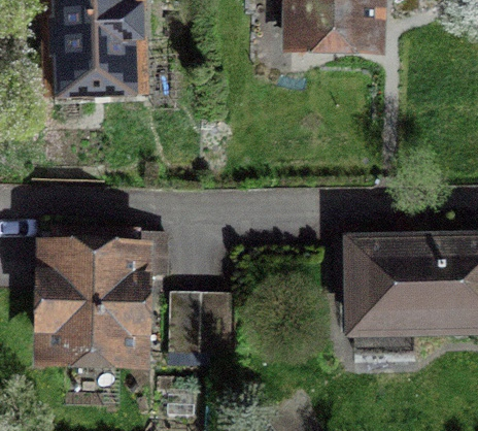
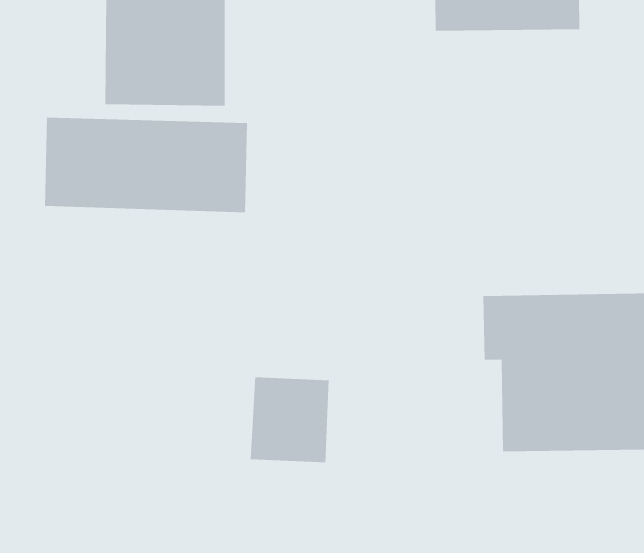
building: none -> [45,117,247,213]
building: [33,239,137,354] -> none

